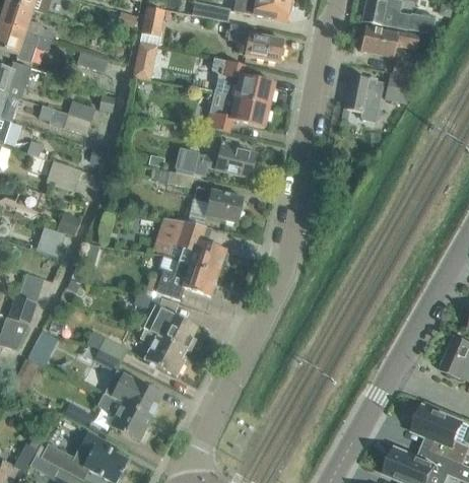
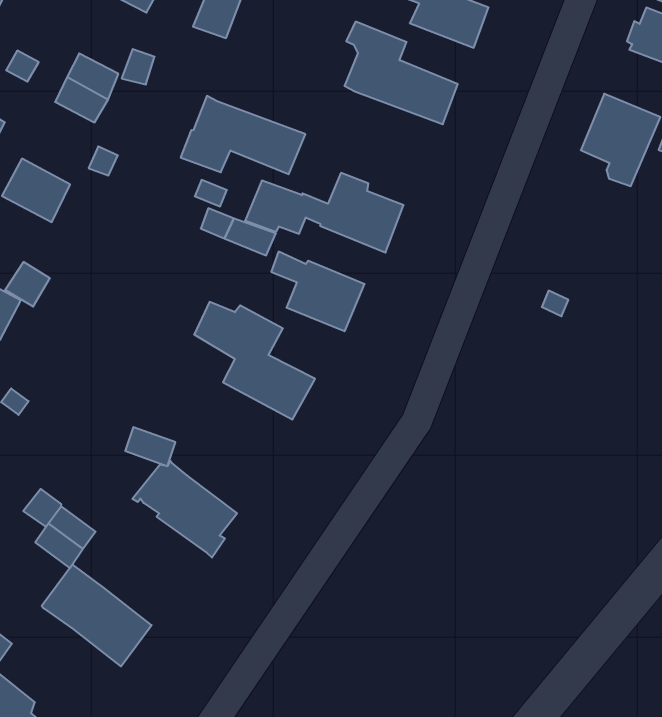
building: [206,94,269,133] -> [181,96,305,174]
building: [155,260,217,299] -> none
building: [139,328,185,375] -> none
building: [98,394,150,440] -> none

